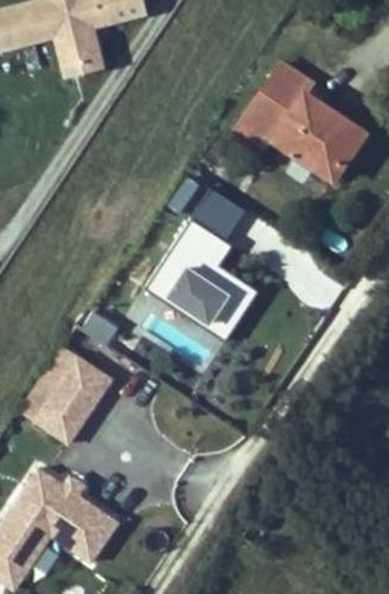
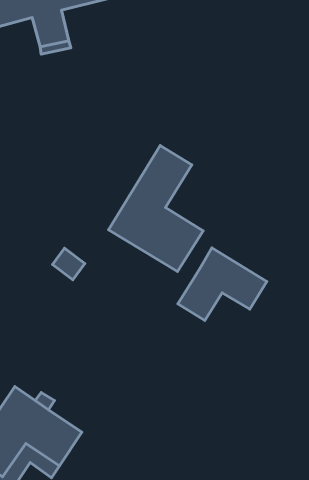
building: [244,64,363,179] -> none
building: none -> [178,248,267,320]
building: [35,351,113,440] -> none

